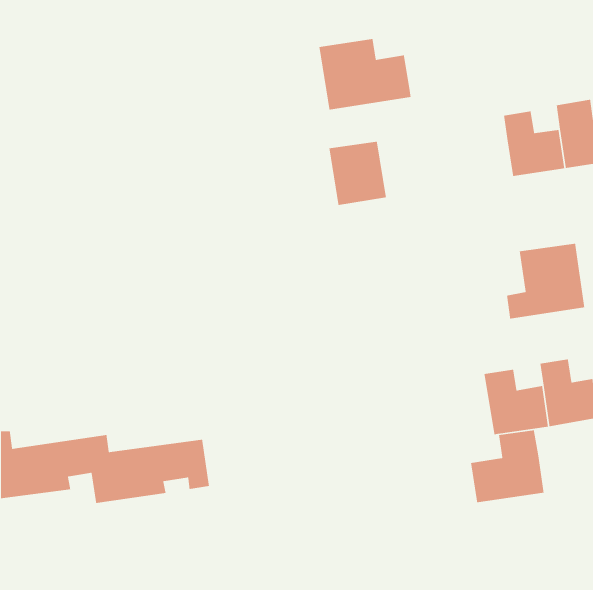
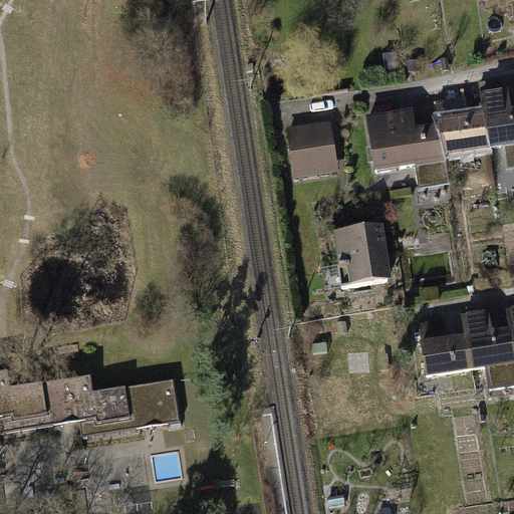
building: [318,38,412,110] -> [364,107,445,170]
building: [506,243,585,320] -> [323,223,392,289]
building: [470,429,545,503] -> none

